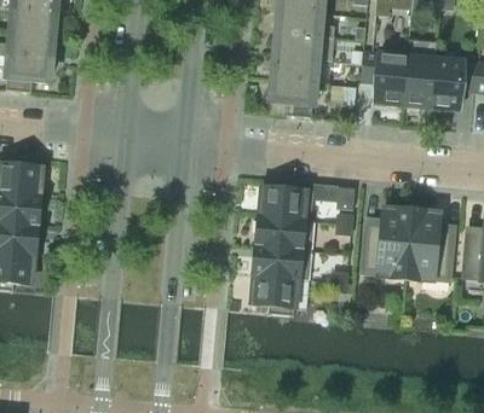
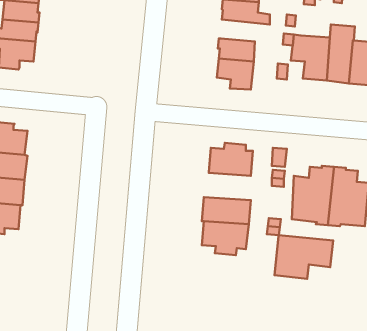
building: [272,31,334,60] -> none
building: [254,215,313,249] -> none
building: none -> [274,235,333,279]

